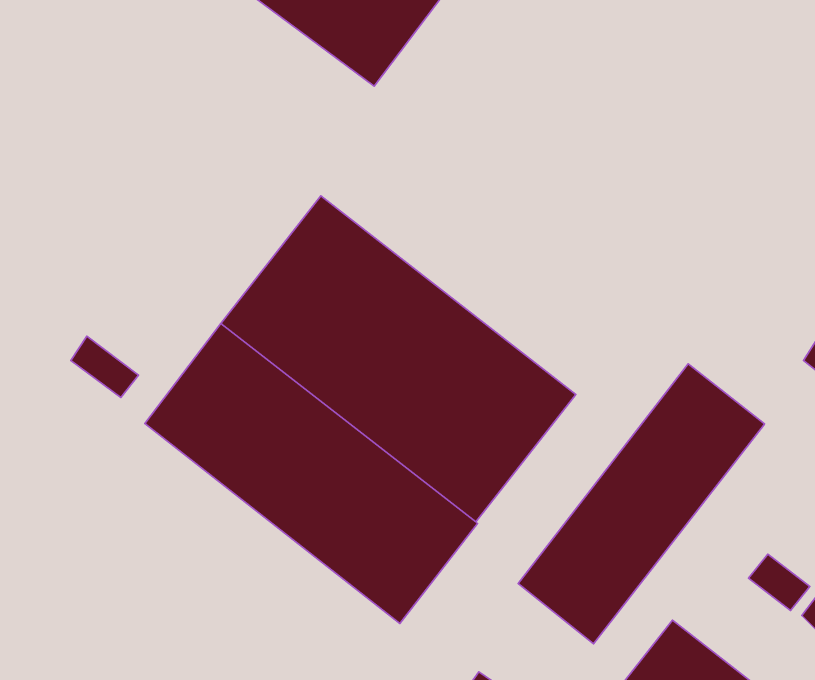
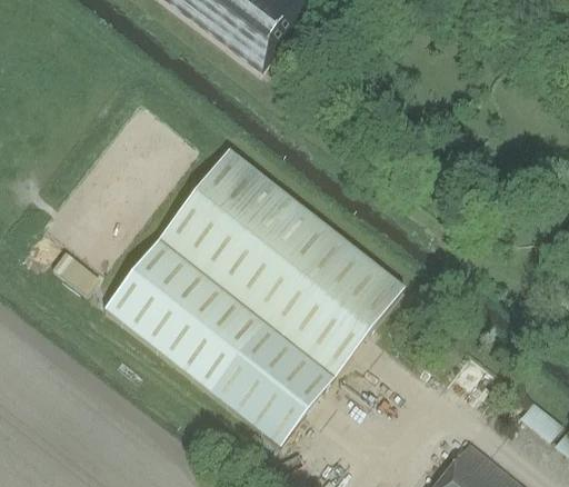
building: [518,364,765,644] -> none

